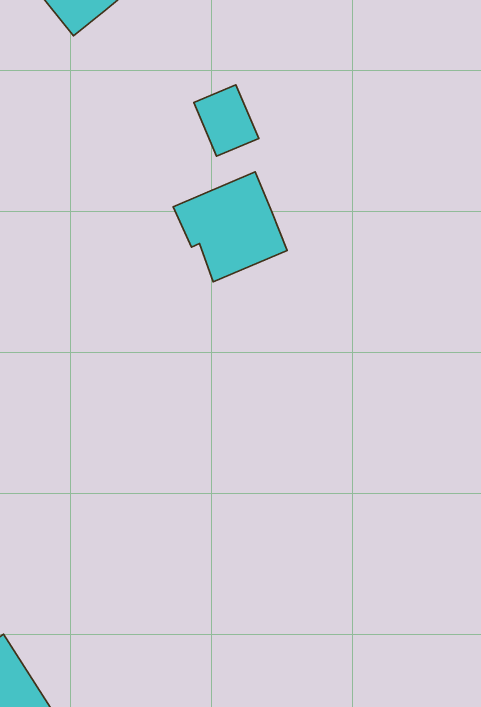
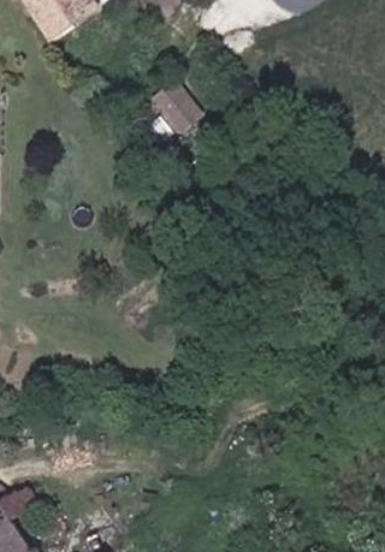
building: [173,172,287,282] -> none

